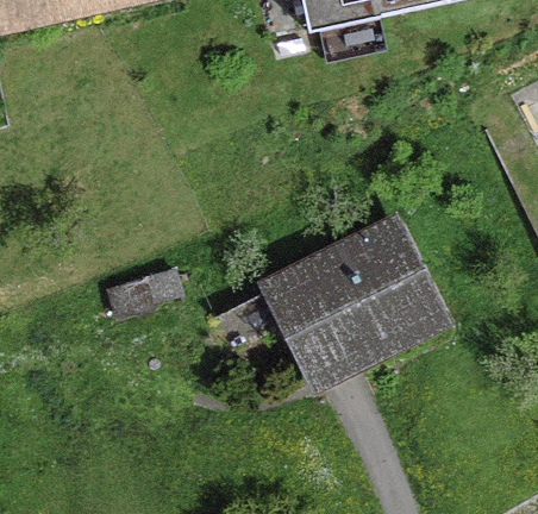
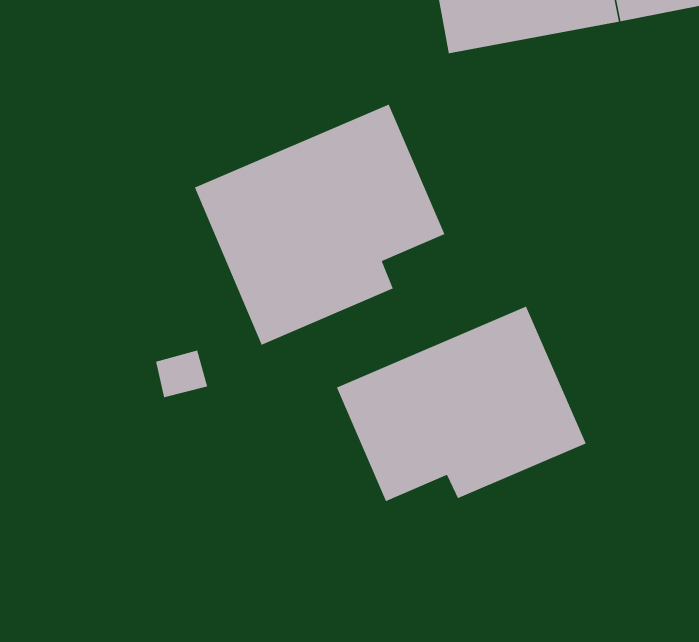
building: none -> [194,103,446,346]

